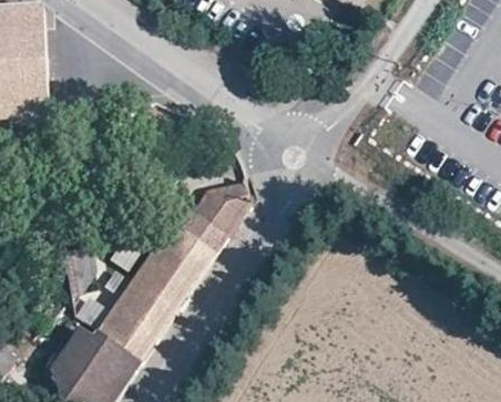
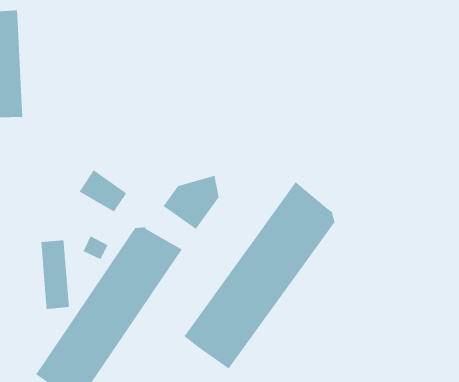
building: none -> [183,181,336,369]
building: [168,214,218,258] -> [79,169,127,212]

